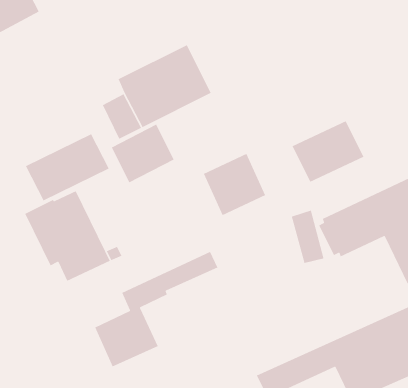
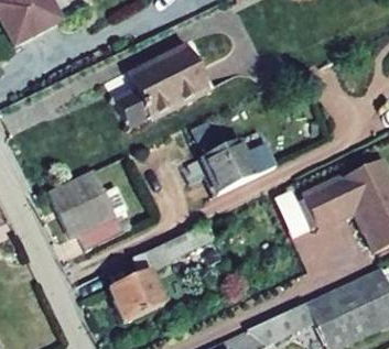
building: [291,120,364,183] -> none
building: [111,123,175,183] -> none
building: [25,133,110,201] -> none

